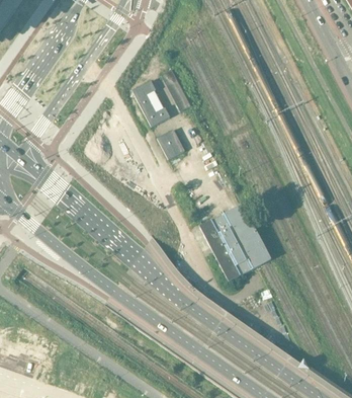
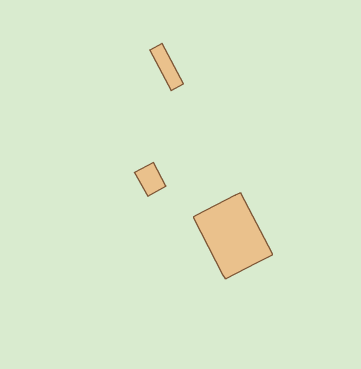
building: [133,79,170,126] -> none
building: [157,128,185,158] -> [134,163,166,196]

